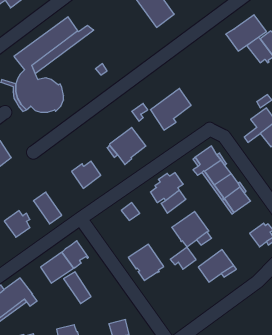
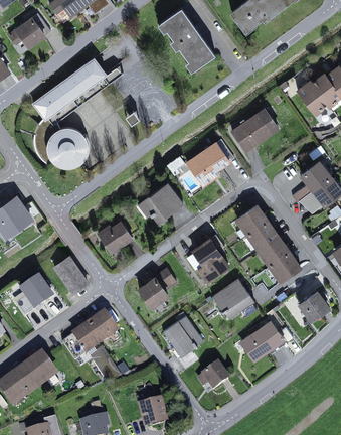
building: [226,15,266,51] -> [231,109,278,150]
building: none -> [139,278,167,306]
building: [170,247,196,269] -> [198,365,227,390]

